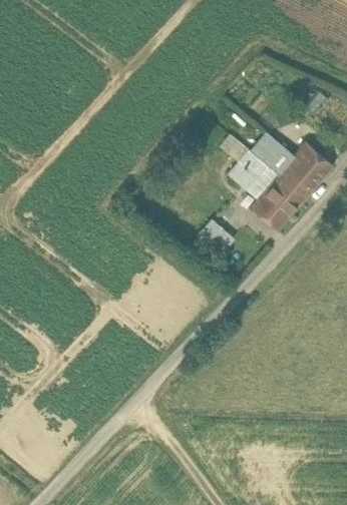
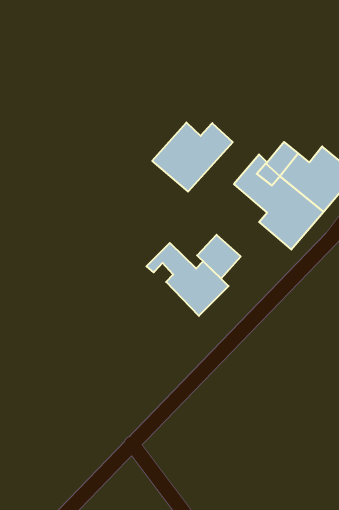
building: none -> [152,122,233,192]
building: none -> [146,243,229,316]

